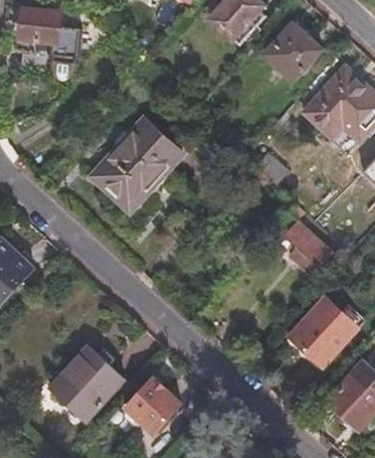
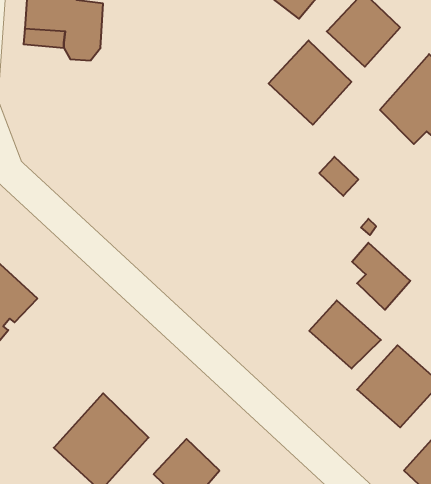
building: none -> [269,40,351,125]
building: [89,120,179,202] -> none
building: none -> [309,300,381,369]

